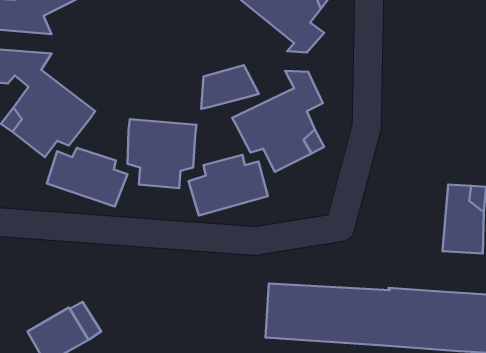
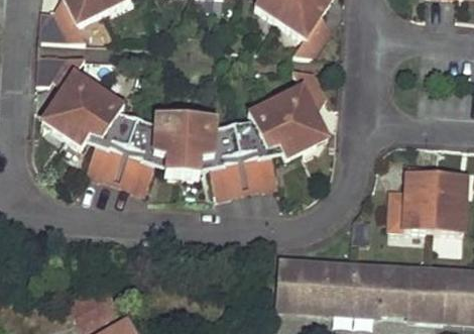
building: [201,65,259,109] -> [213,118,263,156]
building: none -> [104,114,156,153]
building: none -> [391,170,437,230]

